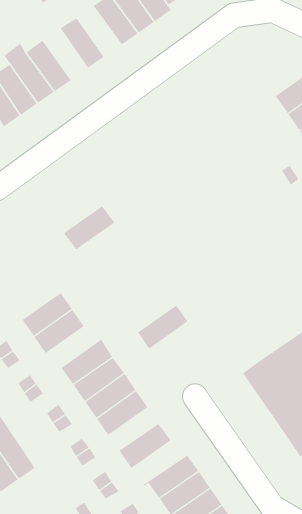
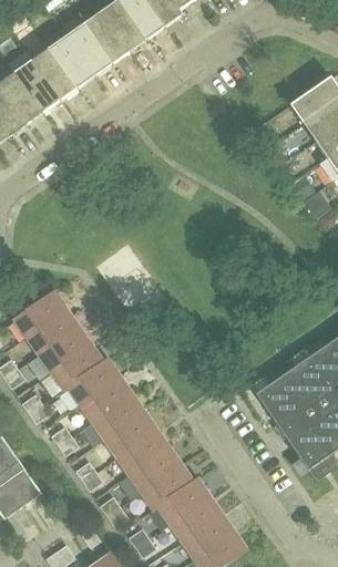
building: none -> [83,11,130,64]
building: none -> [48,34,94,89]
building: [63,205,115,250] -> [12,291,66,338]
building: [137,305,193,349] -> [50,344,109,391]
building: none -> [115,429,168,474]
building: none -> [140,463,198,509]

